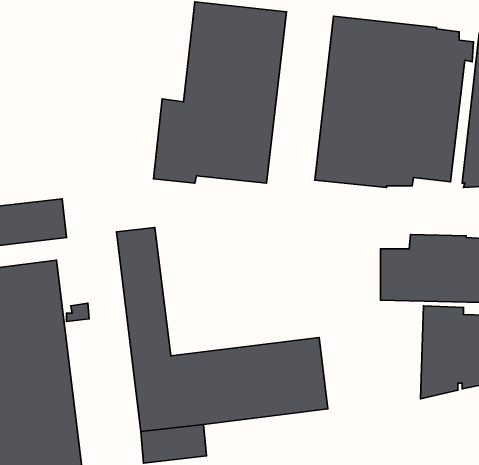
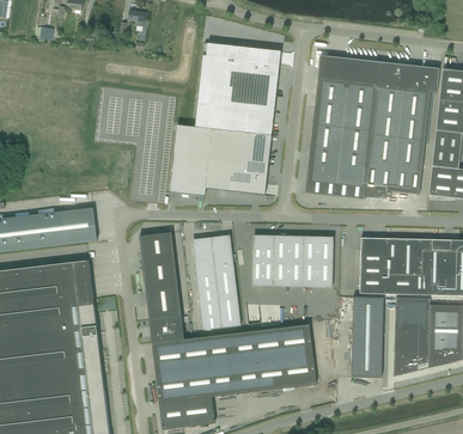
building: none -> [252,234,334,286]
building: none -> [194,236,240,329]
building: none -> [351,295,383,377]

